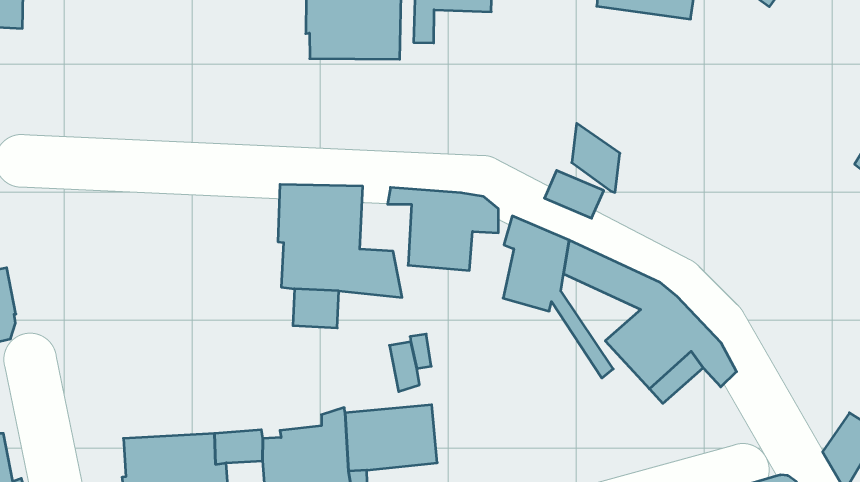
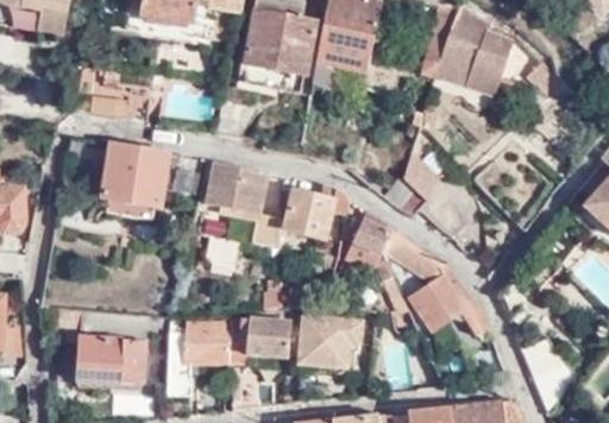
building: none -> [98,78,150,120]
building: none -> [102,143,170,219]
building: none -> [285,320,358,368]

